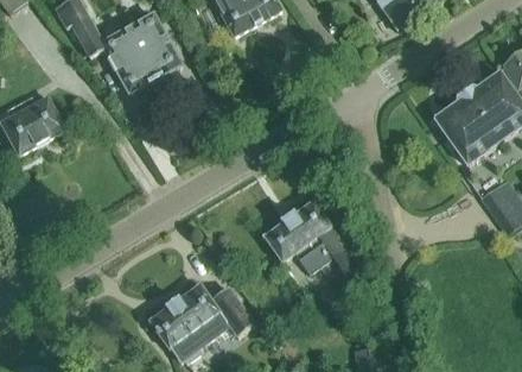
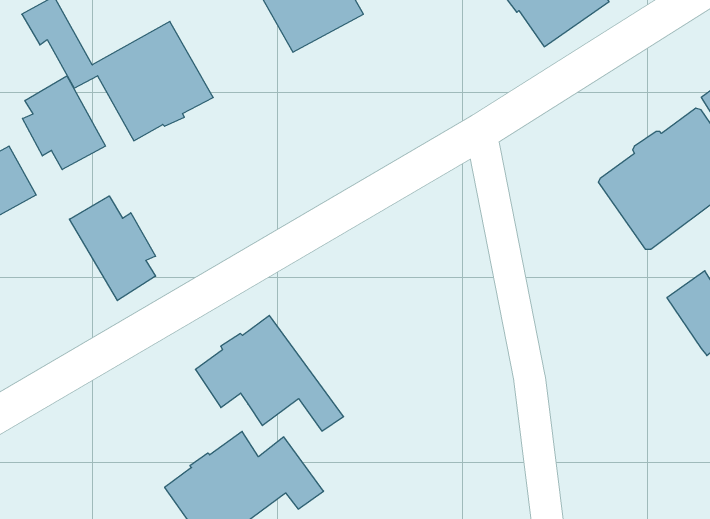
building: none -> [22,76,105,170]
building: none -> [69,196,156,301]
building: [265,201,362,277] -> [195,315,344,431]

